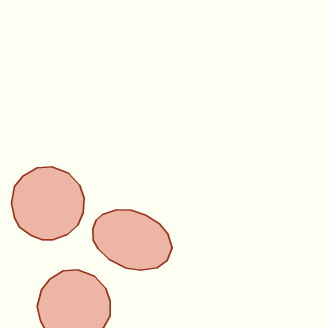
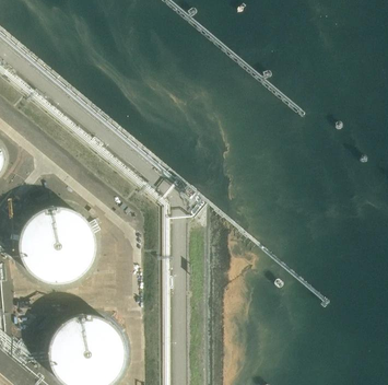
building: [93,210,172,270] -> none

